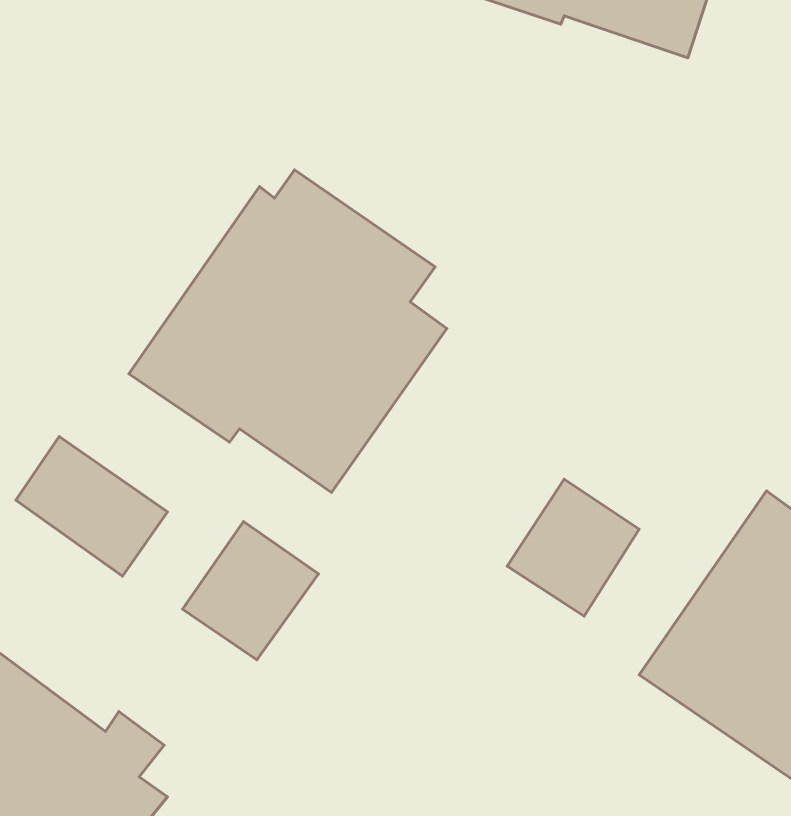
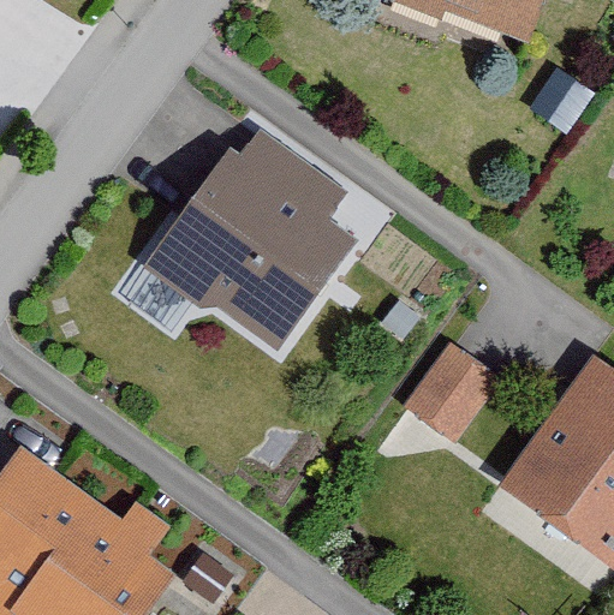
building: [16,436,168,576] -> none
building: [183,522,318,660] -> none

